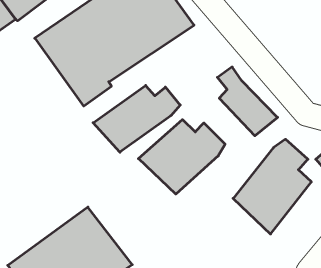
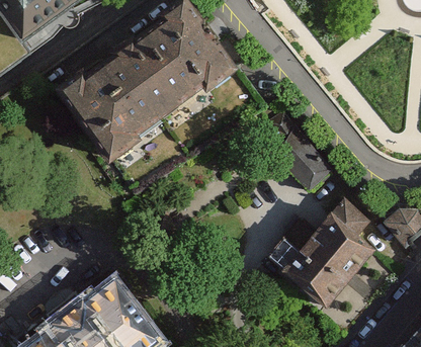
building: [93,85,180,152] -> none
building: [138,120,225,194] -> none

